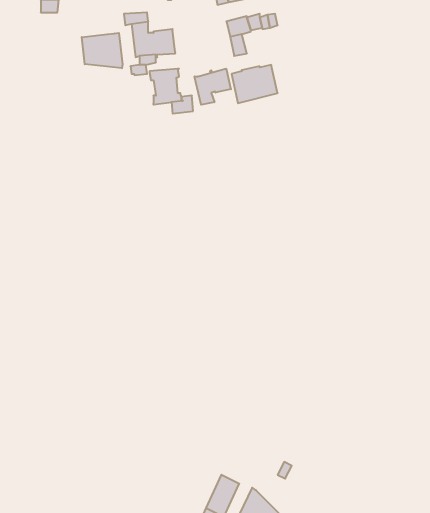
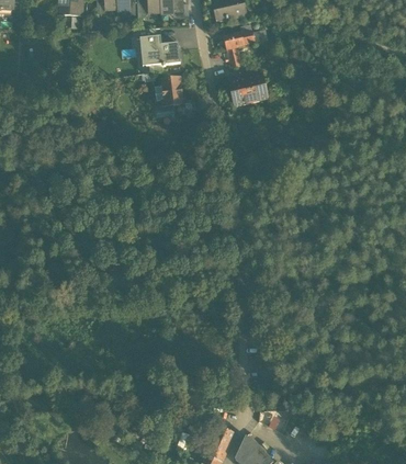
building: [82,33,123,68] -> none
building: [195,69,231,105] -> none

